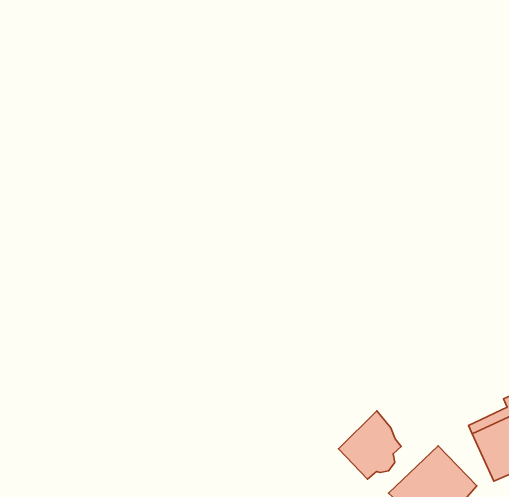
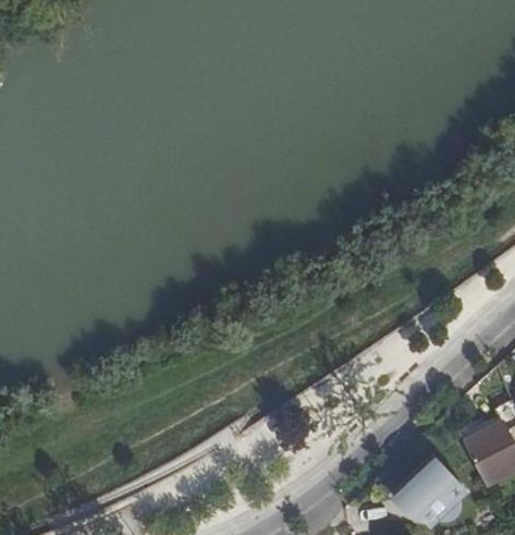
building: [338,411,401,479] -> none

